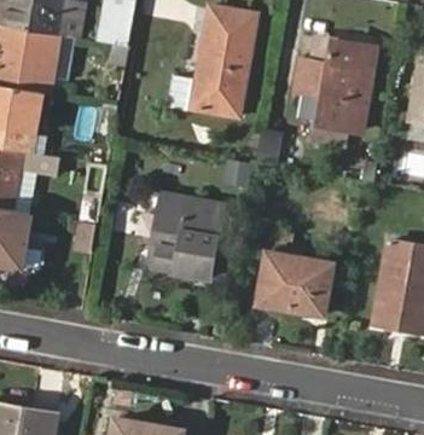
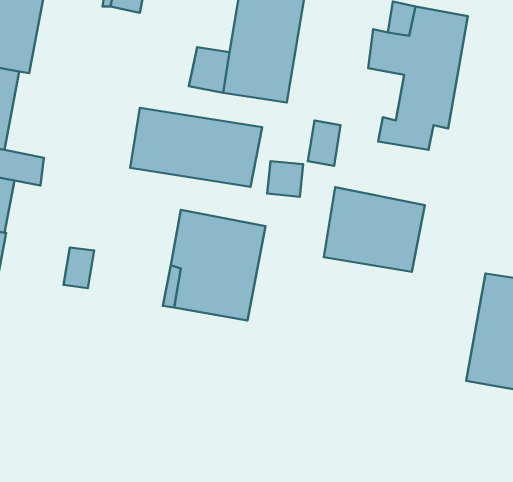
building: none -> [130,108,262,187]
building: [259,251,333,314] -> [324,187,425,272]

